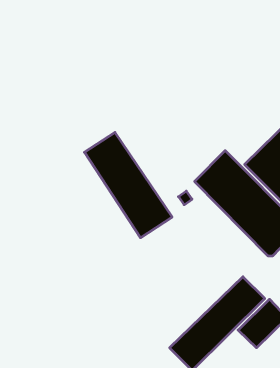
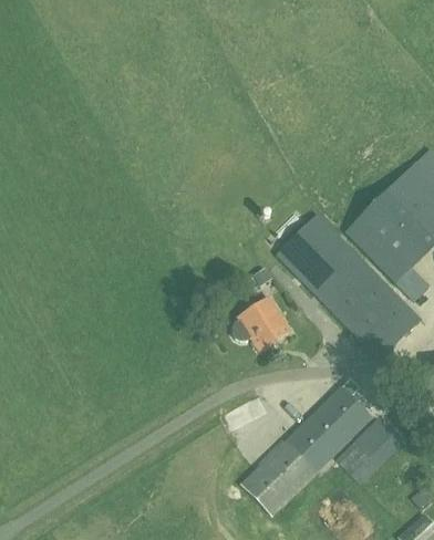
building: [84,132,172,238] -> none
building: none -> [231,298,289,349]

